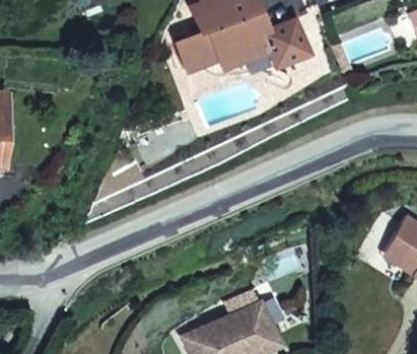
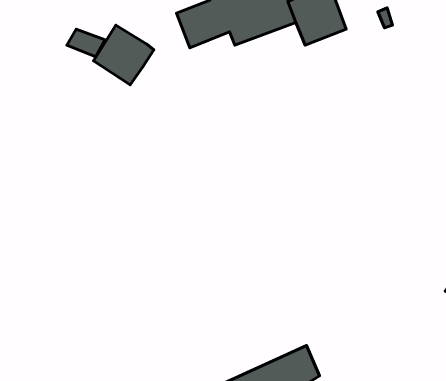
building: none -> [94,25,154,85]

